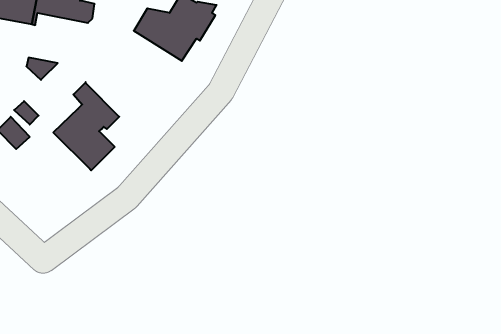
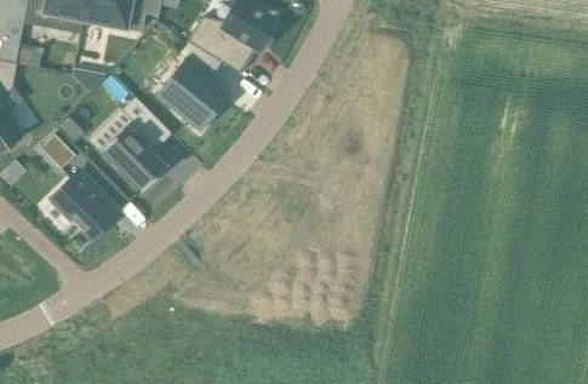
building: none -> [154,41,230,132]
building: none -> [57,171,120,237]

